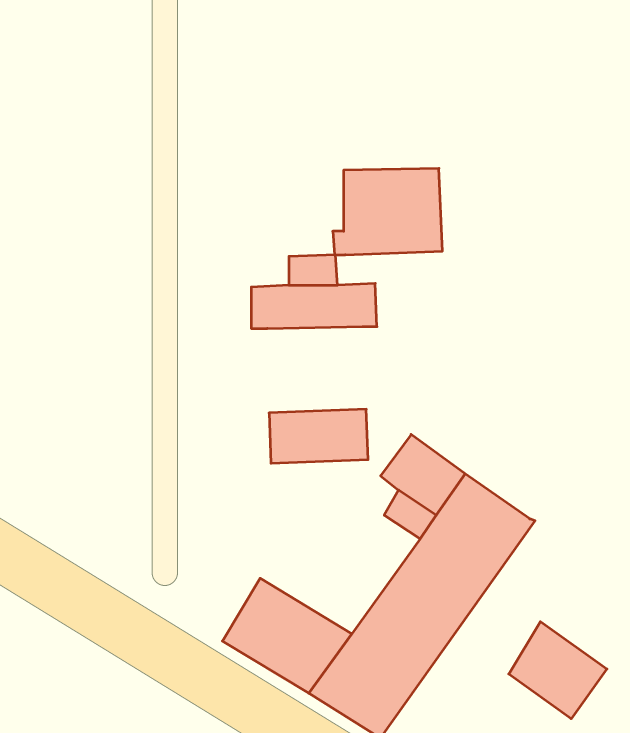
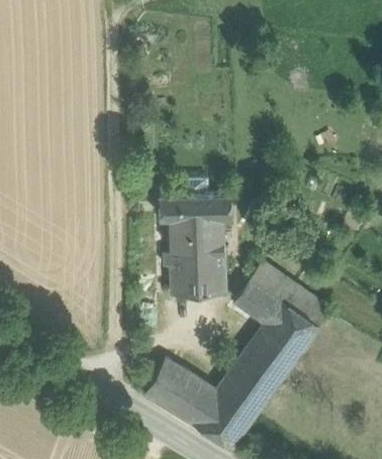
building: [333,168,442,255] -> [163,218,224,266]
building: none -> [250,262,329,326]
building: [509,622,607,719] -> none

